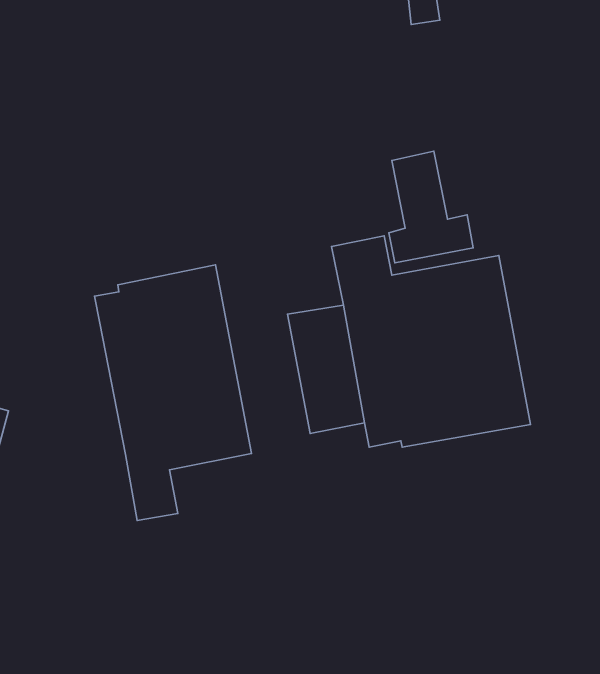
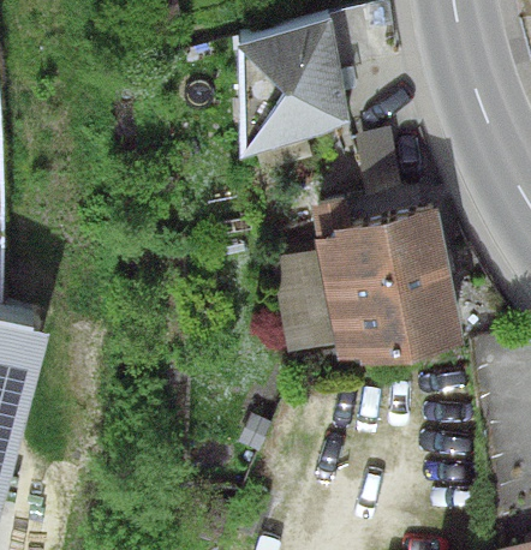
building: none -> [235,18,350,159]
building: [95,265,251,521] -> none

